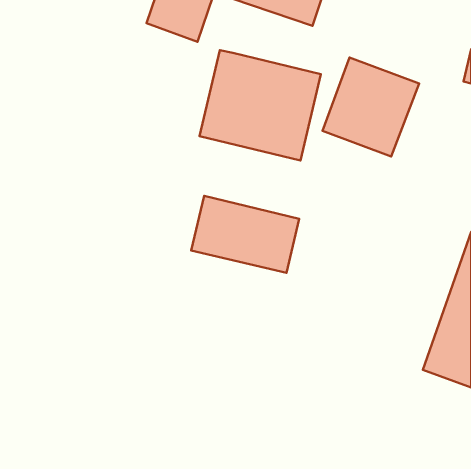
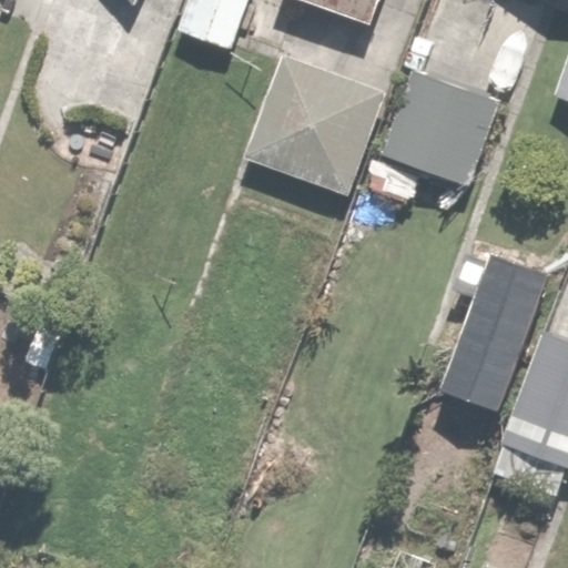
building: [191,196,299,273] -> none
building: none -> [435,247,554,404]

